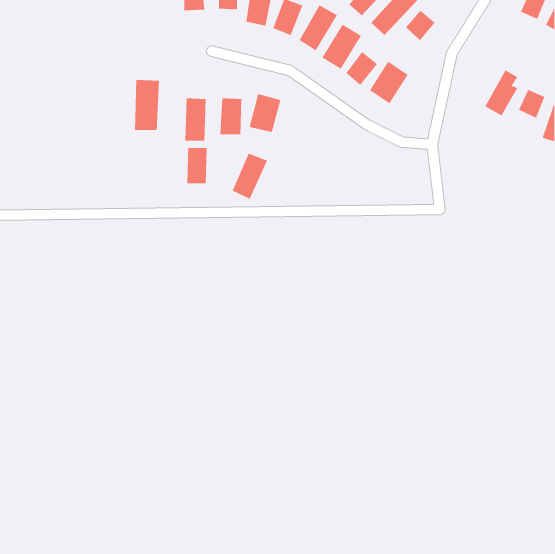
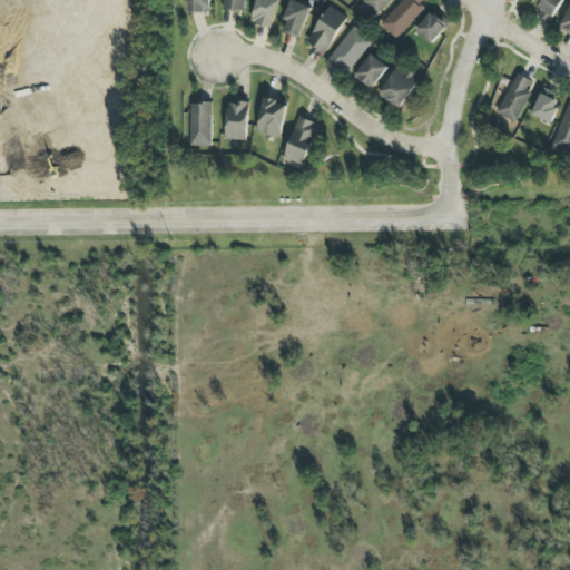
building: [134,79,159,131] -> none
building: [187,147,207,184] -> none
building: [232,153,268,200] -> [283,116,320,164]

